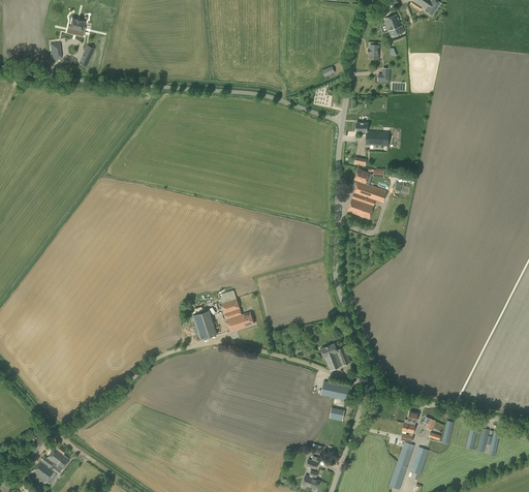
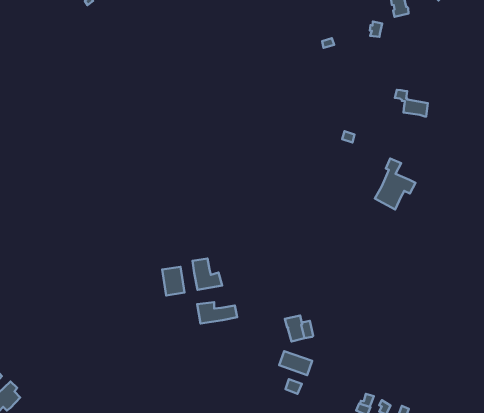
building: [355,123,388,146] -> [395,90,428,117]
building: [347,170,385,219] -> [375,159,416,210]
building: none -> [197,302,237,324]

